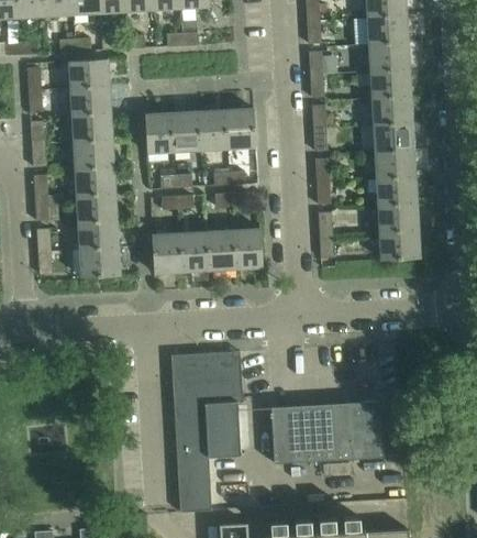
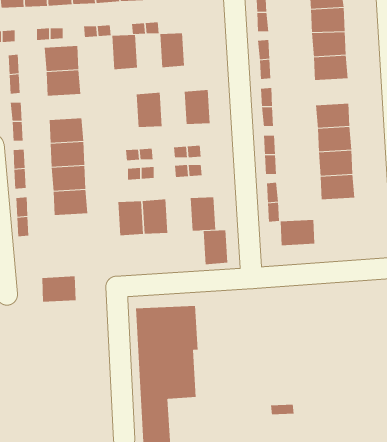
building: [370,96,410,125] -> none
building: [198,110,226,150] -> [159,33,185,68]
building: [70,113,110,142] -> none
building: [143,113,173,153] -> [111,35,138,70]
building: [204,230,233,270] -> [203,230,228,265]
building: [378,230,418,260] -> [280,219,315,246]
building: [78,248,118,277] -> [41,276,77,302]
building: [269,400,381,463] -> none

